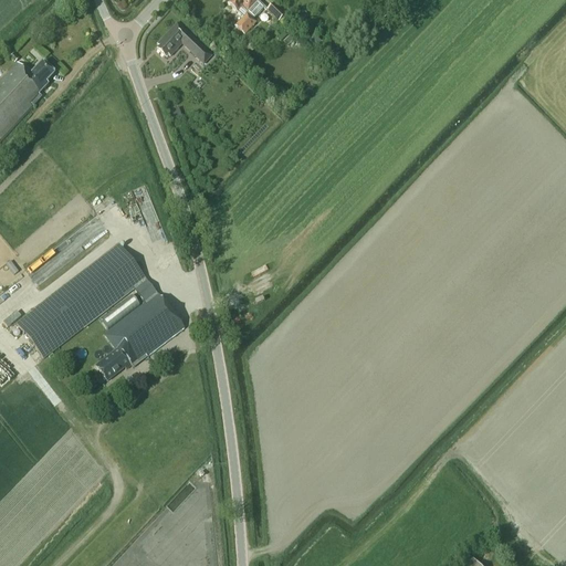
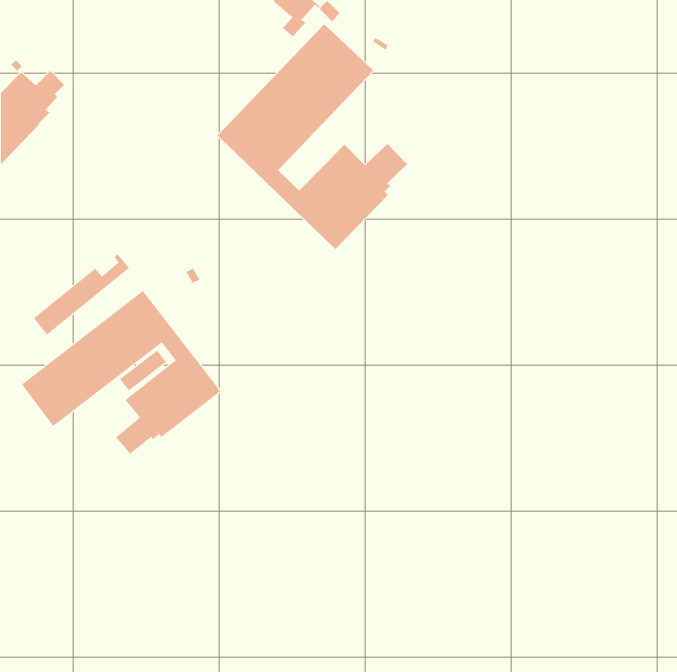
building: none -> [217,23,408,250]
building: [156,20,203,54] -> none

